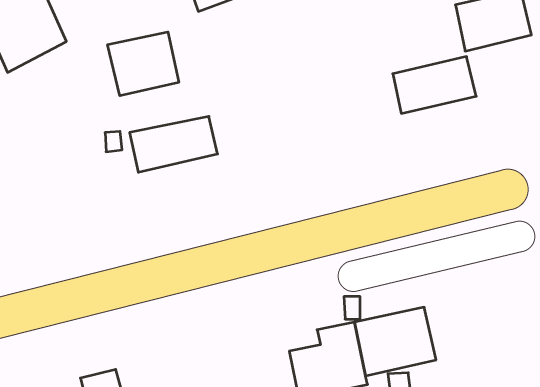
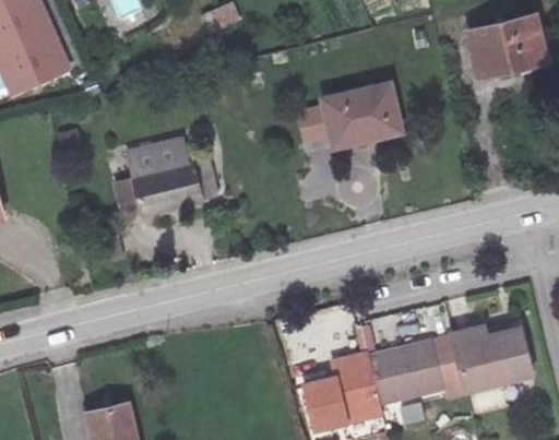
building: [108,32,179,96] -> none
building: [393,57,476,113] -> [316,85,401,143]
building: none -> [445,324,528,394]

